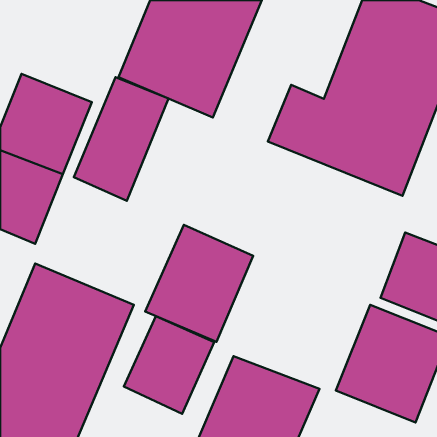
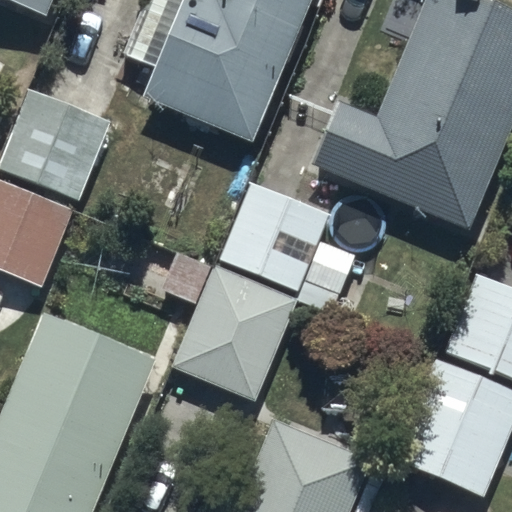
building: [74,77,168,201] -> none
building: none -> [214,176,355,312]
building: [124,316,214,414] -> none

